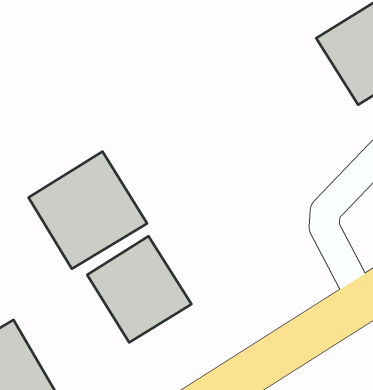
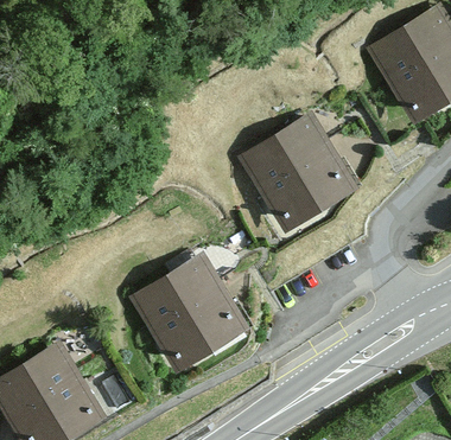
building: none -> [240,116,350,229]
building: [28,152,147,269] -> none

